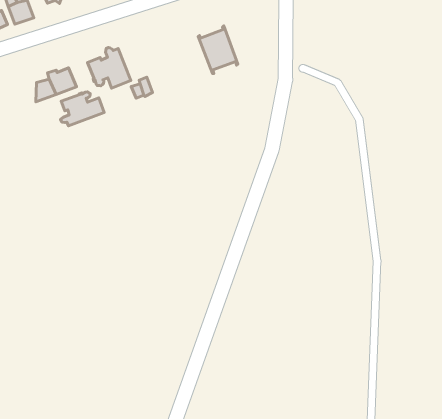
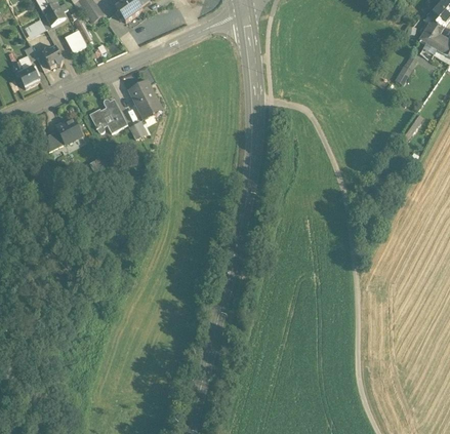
building: [198,26,238,74] -> [127,78,163,119]
building: [61,92,104,126] -> none

